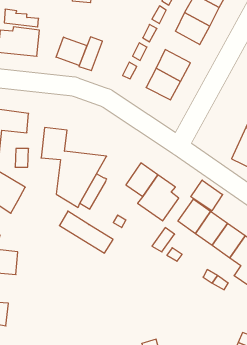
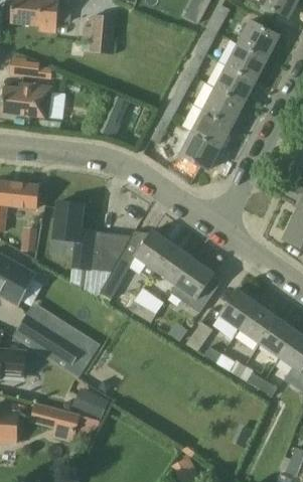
building: none -> [202,87,244,125]
building: [56,37,87,66] -> none
building: none -> [133,229,173,277]
building: [191,180,223,211] -> none
building: [59,211,113,253] -> [18,314,83,364]
building: none -> [73,386,110,418]
building: none -> [30,403,81,443]

